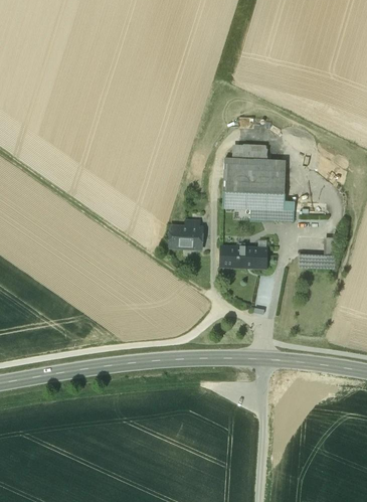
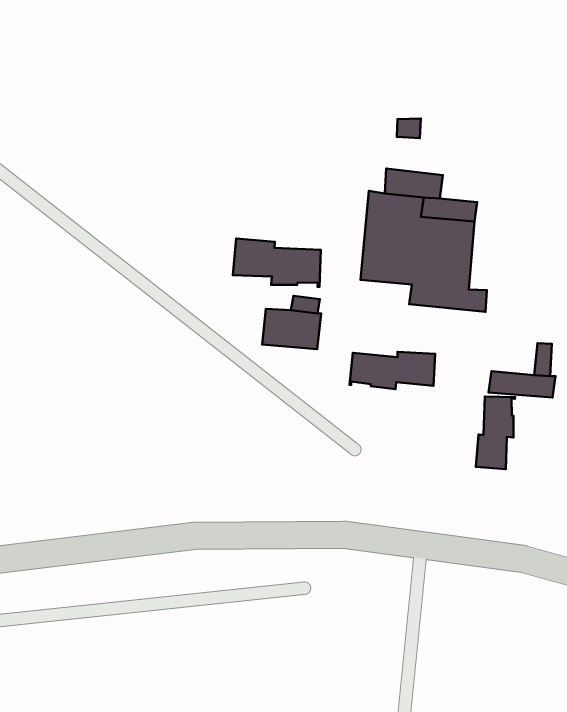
building: none -> [233,238,321,287]
building: none -> [476,396,515,469]

